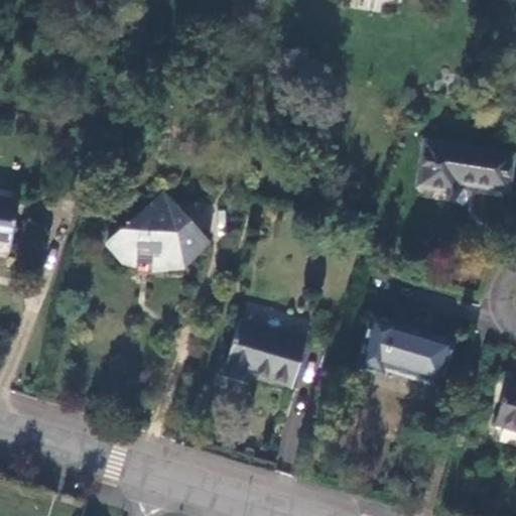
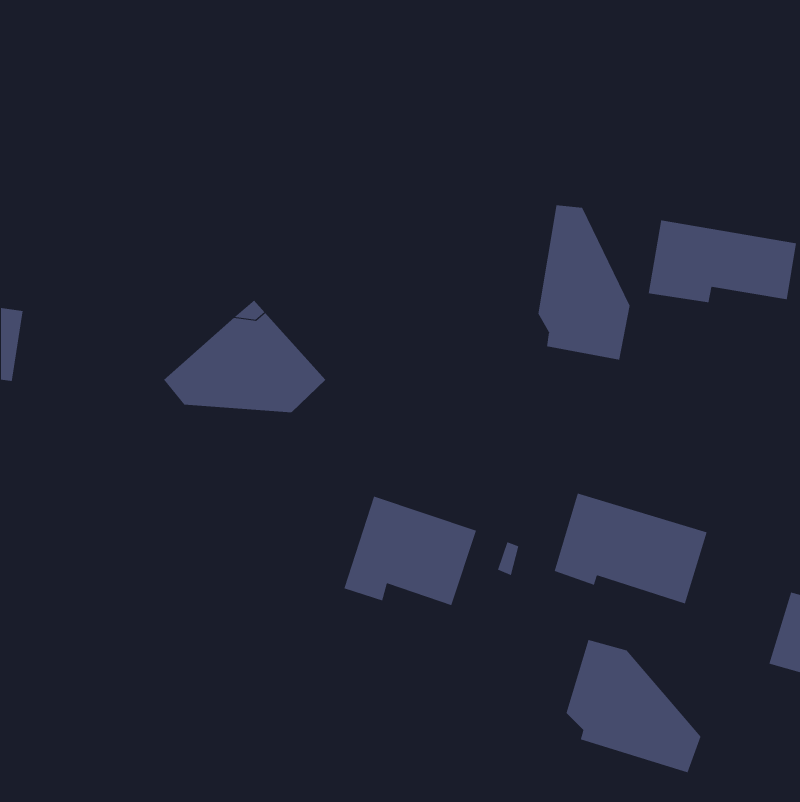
building: none -> [538,204,630,360]
building: none -> [566,639,701,773]

